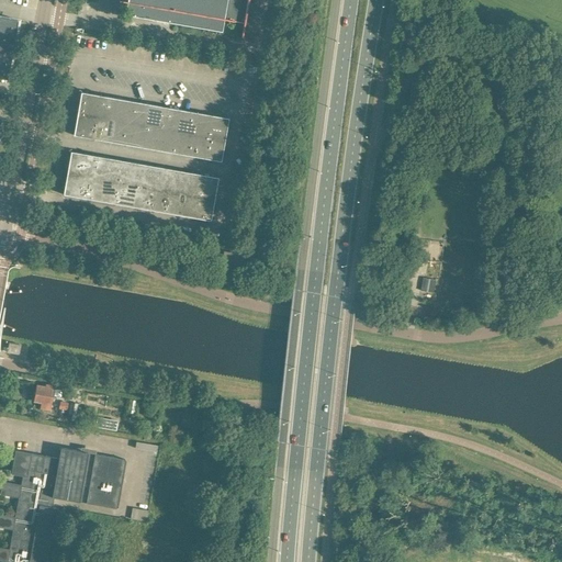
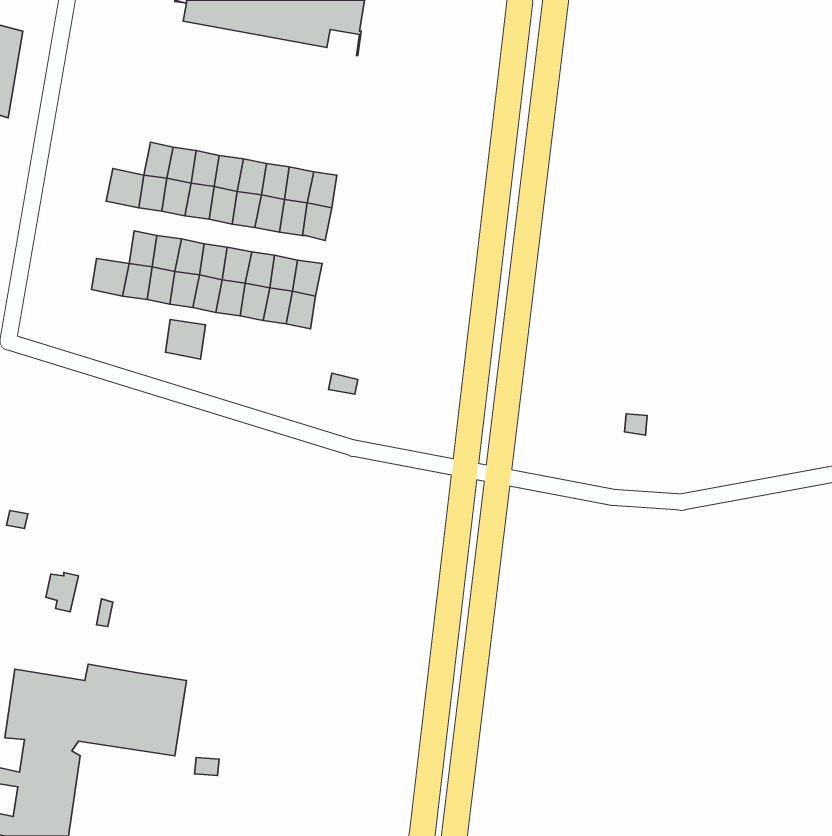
building: [76,92,101,117] -> none
building: [65,151,90,177] -> none
building: none -> [165,319,206,359]

